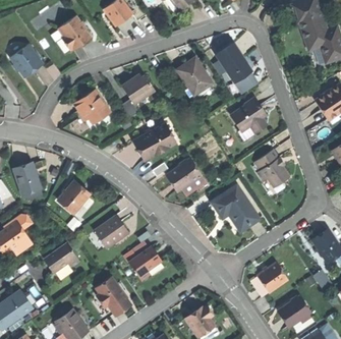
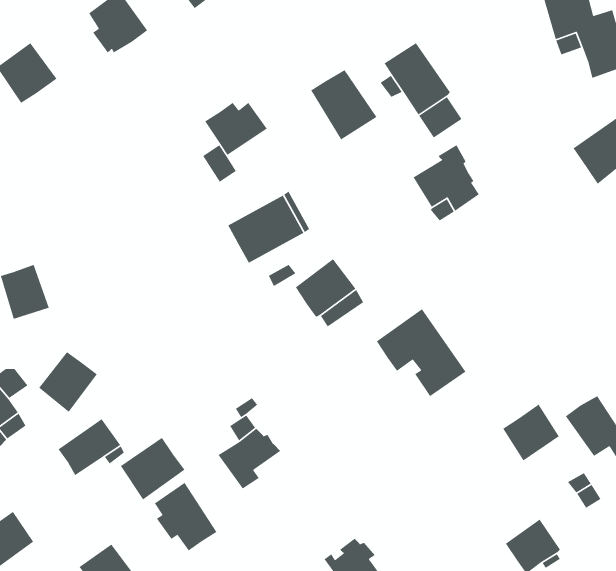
building: [73,91,110,125] -> none
building: [253,150,290,185] -> none
building: [58,181,90,214] -> [38,351,98,413]
building: [94,216,128,249] -> [120,437,185,501]
building: [257,263,287,293] -> [502,404,560,461]

